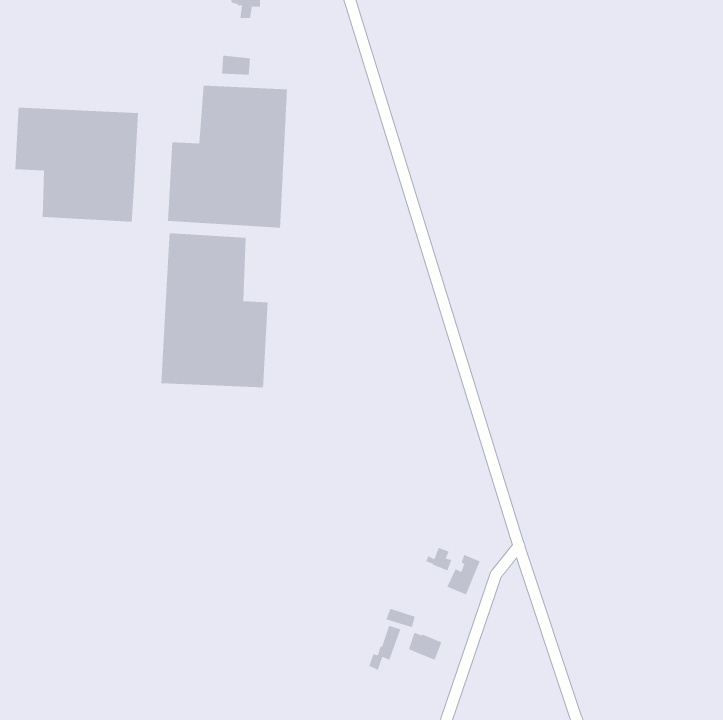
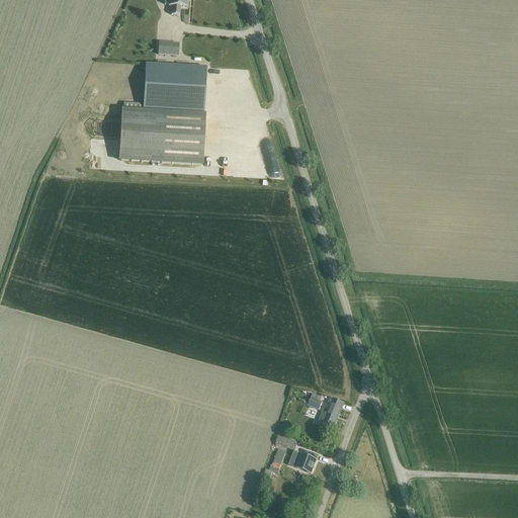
building: [15,107,138,223] -> none
building: [161,233,268,388] -> none

